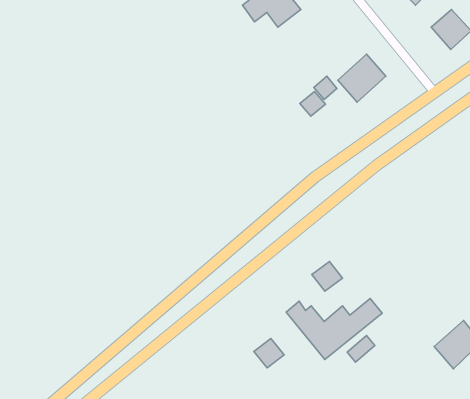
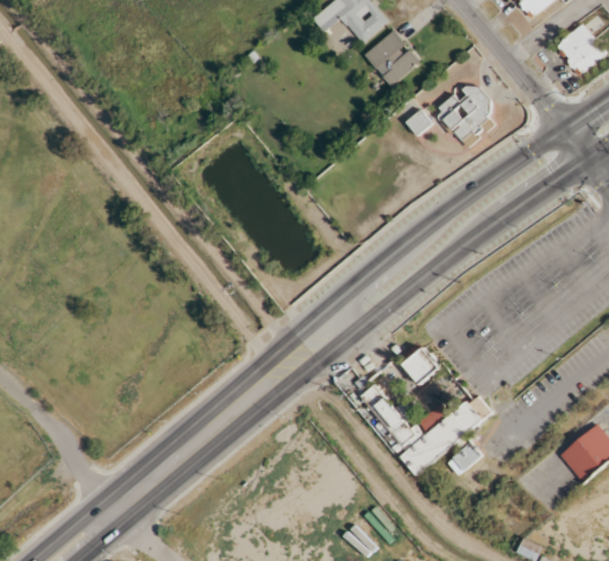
building: none -> [363,29,421,88]
building: [300,91,325,116] -> none
building: [254,338,284,368] -> none

